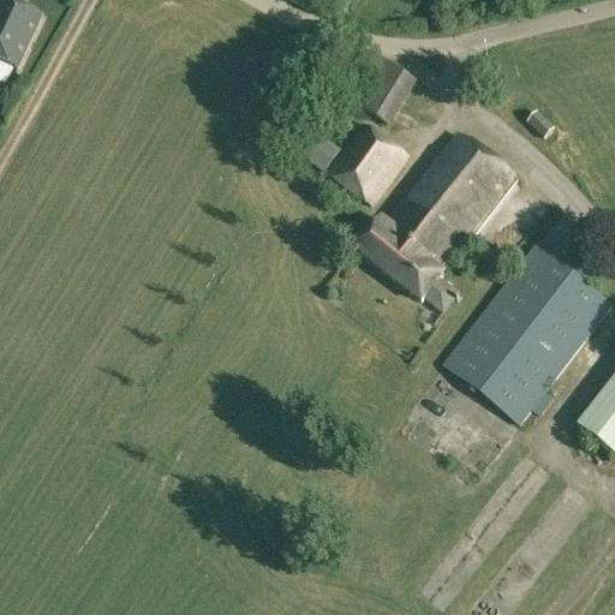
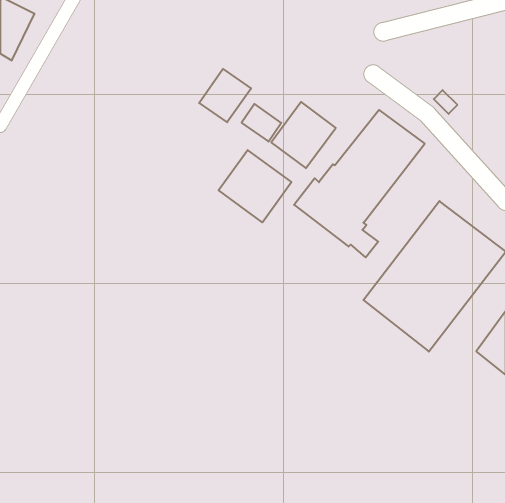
building: [358,60,414,123] -> none
building: none -> [199,69,251,122]
building: none -> [219,150,291,222]

